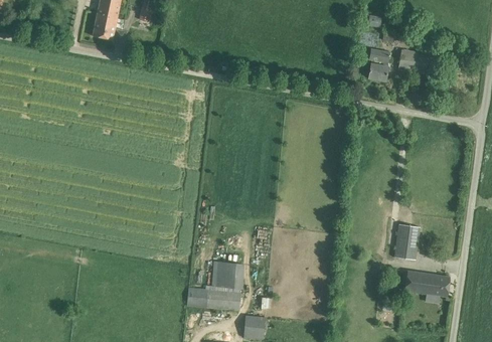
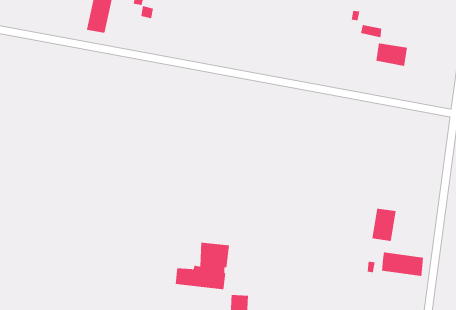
building: [367,49,390,81] -> none

